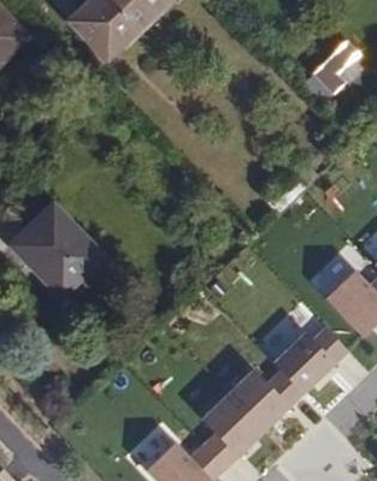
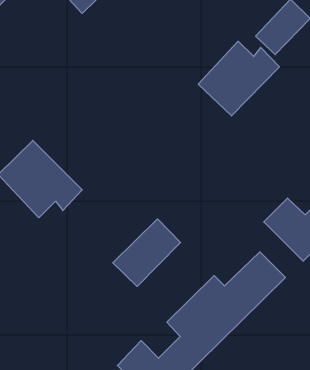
building: none -> [198,41,279,116]
building: none -> [113,219,181,286]

